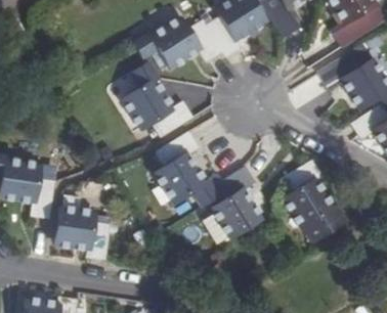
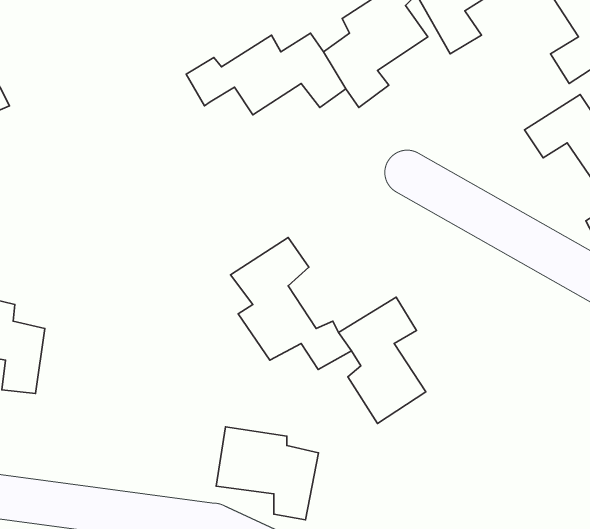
building: [124,63,192,137] -> none
building: [279,161,344,241] -> none
building: [54,208,111,259] -> [216,427,318,520]

